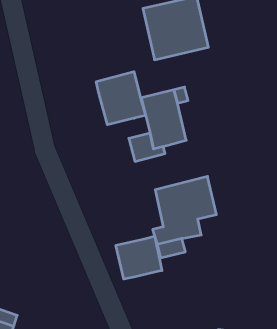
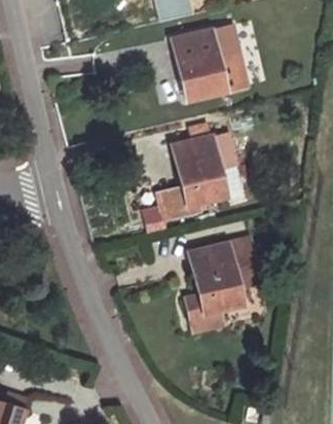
building: [96,72,146,125] -> none
building: [116,236,162,279] -> none

